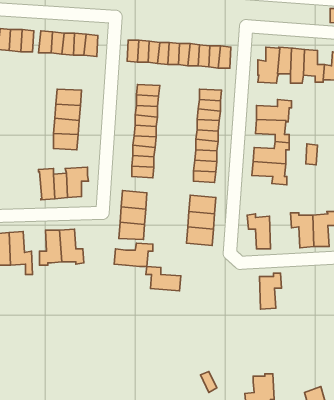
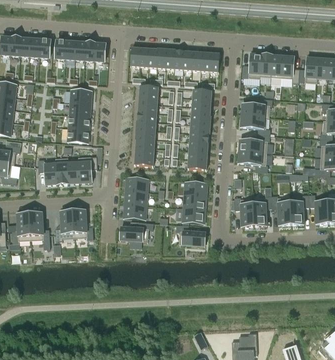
building: none -> [38,158,58,184]
building: [146,266,181,291] -> [176,224,206,245]
building: [259,273,282,309] -> [253,195,272,226]

